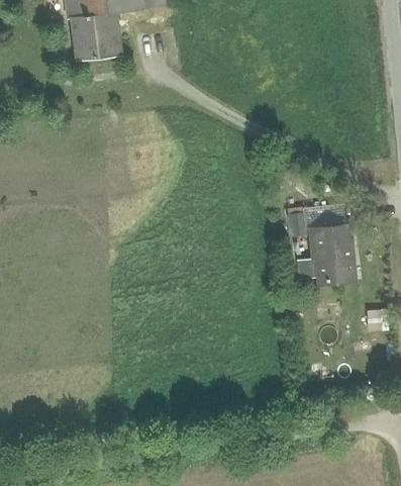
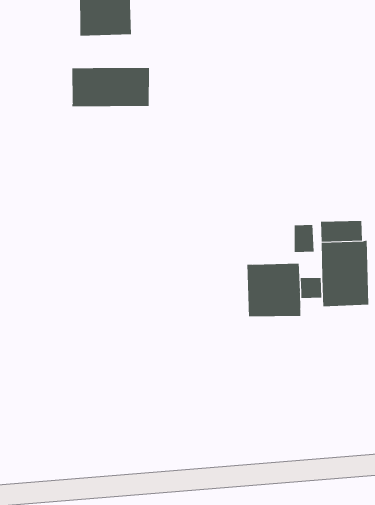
building: none -> [71,67,150,107]
building: none -> [247,263,301,317]

